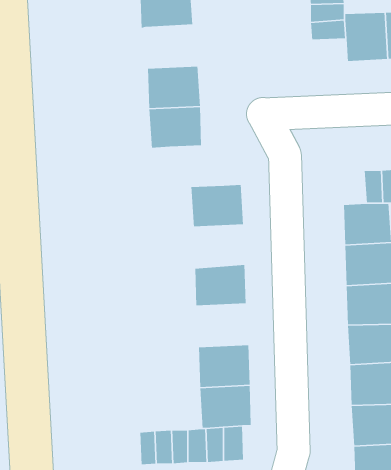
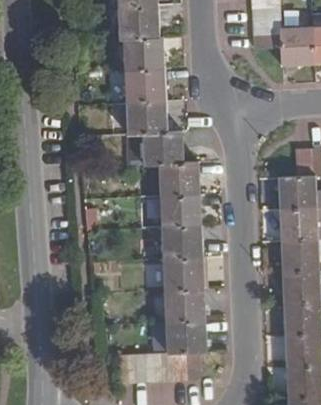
building: none -> [122,37,163,71]
building: none -> [141,131,183,165]
building: none -> [159,194,200,228]
building: none -> [161,256,203,290]

